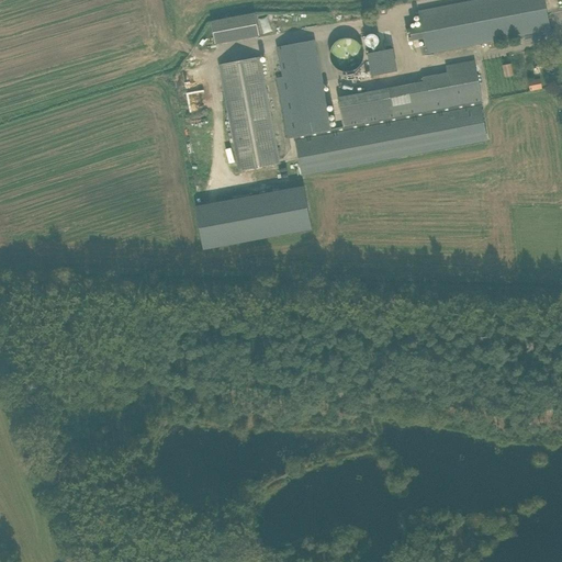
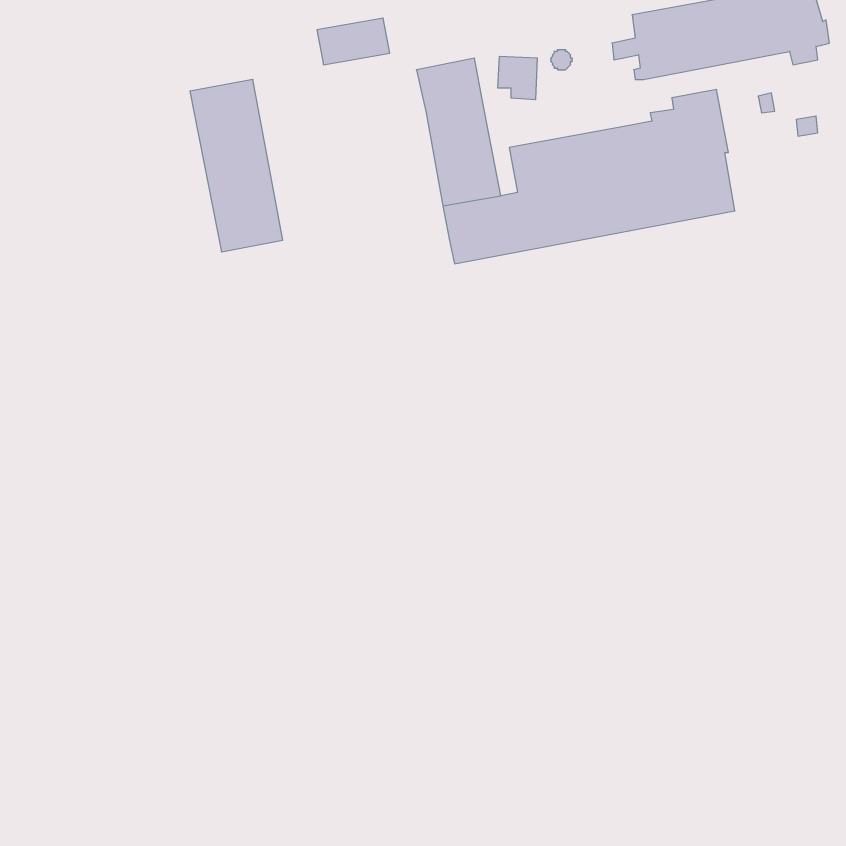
building: [367,48,396,75] -> none
building: [217,56,279,170] -> [190,79,283,252]
building: [204,187,319,250] -> none

